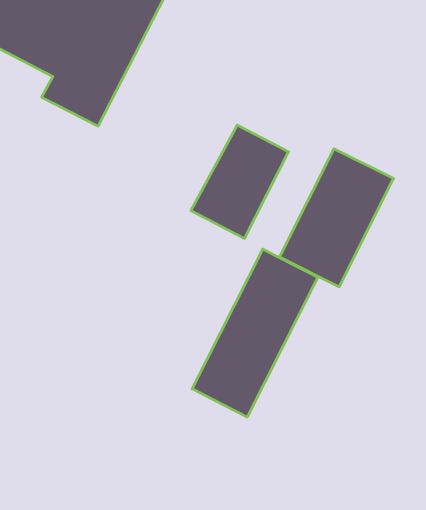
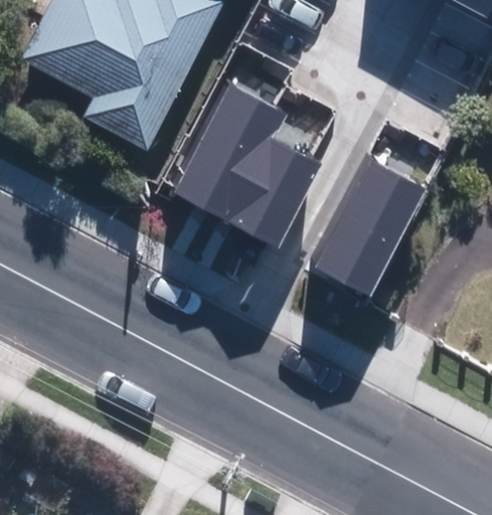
building: none -> [173,87,286,221]
building: [192,249,318,417] -> none

